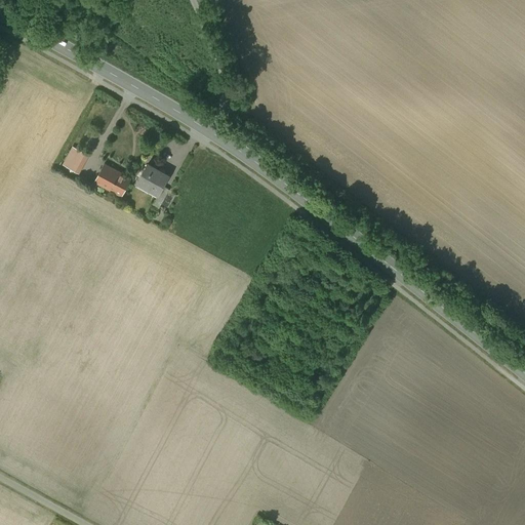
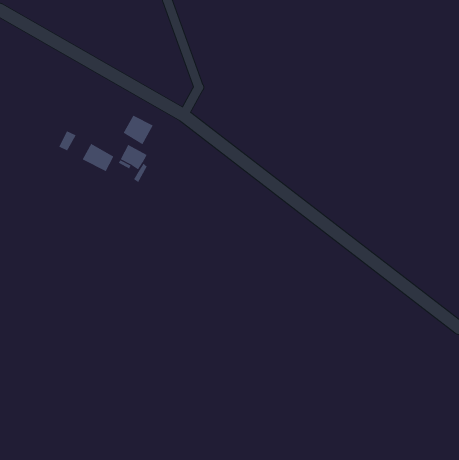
building: none -> [123,115,153,145]

